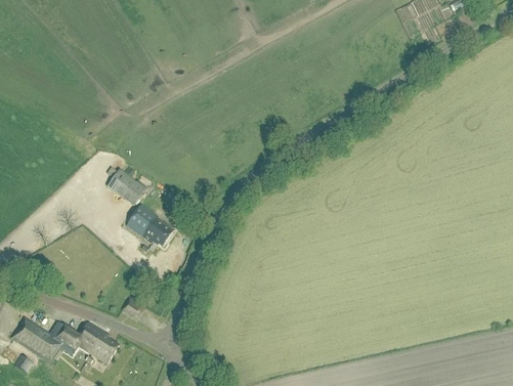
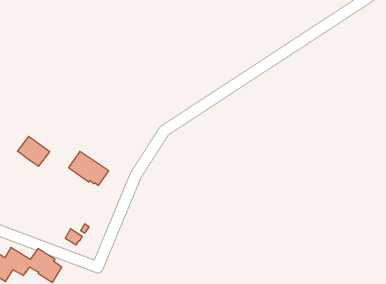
building: [108,169,146,205] -> [17,136,50,166]

